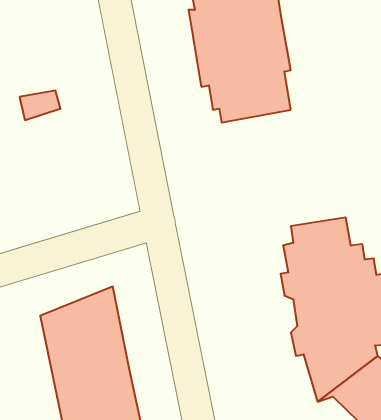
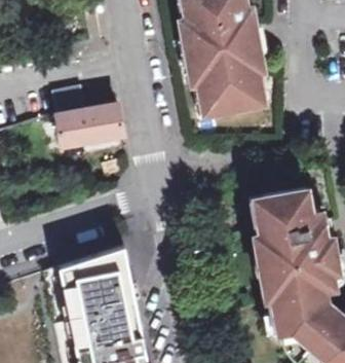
building: none -> [53,103,118,145]

